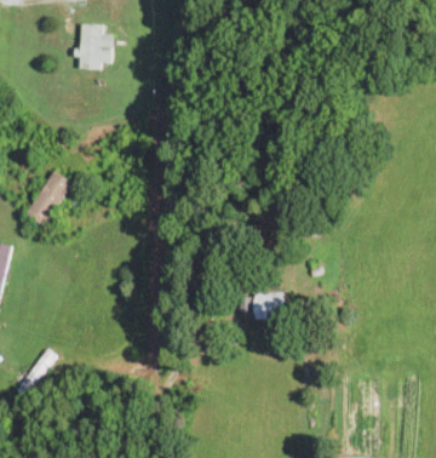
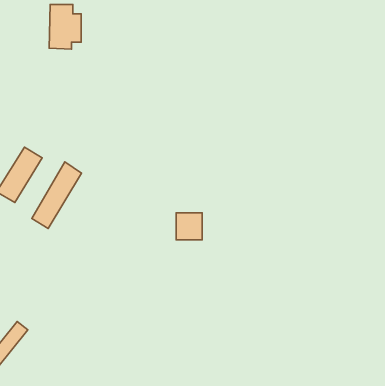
building: none -> [32,162,82,228]
building: [254,292,281,320] -> [176,213,202,240]

